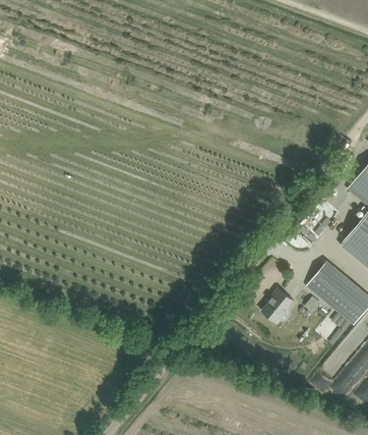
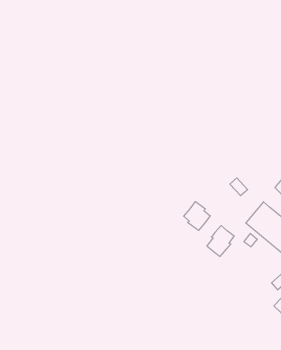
building: none -> [184,202,210,230]

